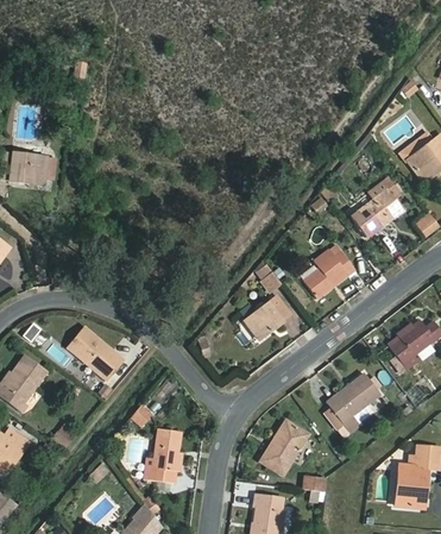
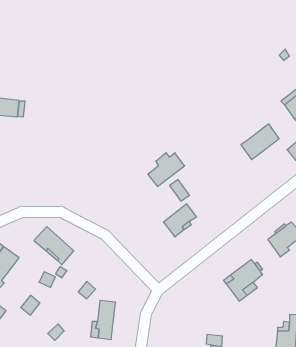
building: [304,251,354,297] -> [148,153,185,187]
building: [262,423,307,476] -> none

